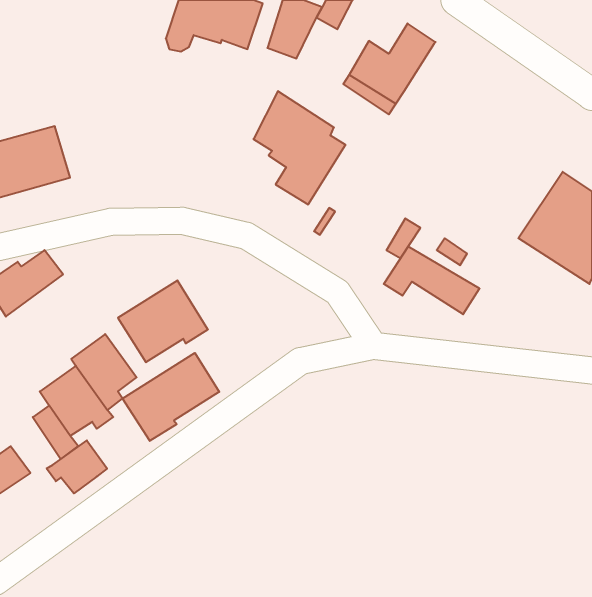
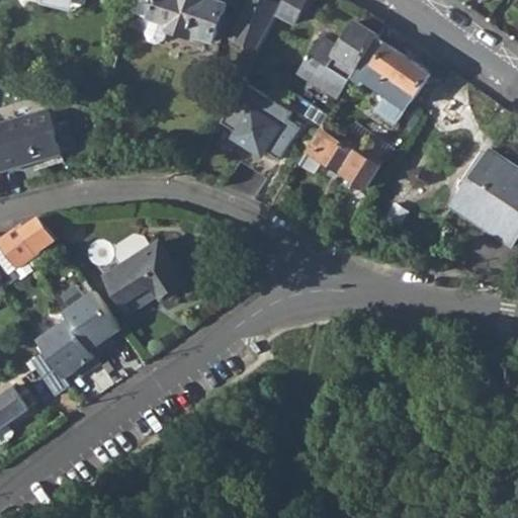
building: none -> [350,37,428,109]
building: [384,246,480,314] -> [296,130,379,188]
building: [123,353,219,441] -> none
building: [47,440,107,493] -> none

